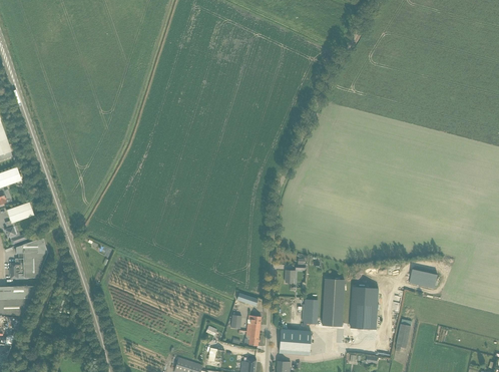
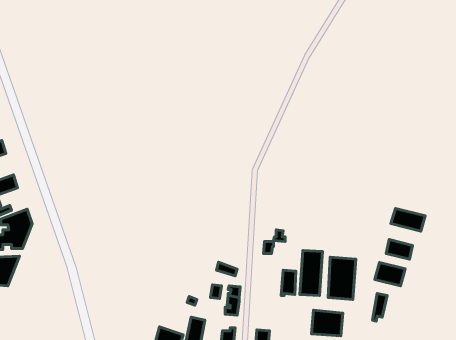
building: none -> [391,208,425,231]
building: none -> [375,263,405,286]
building: [278,328,310,354] -> [311,310,343,336]

